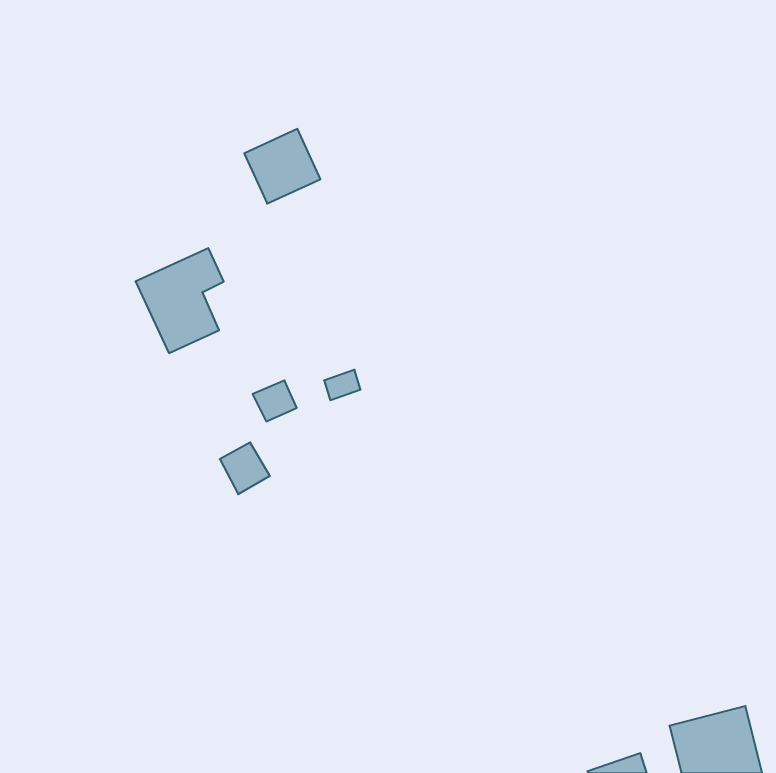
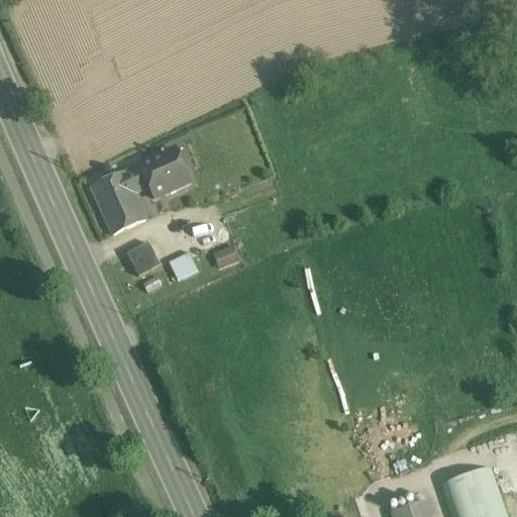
building: [244,129,320,204] -> [138,148,189,198]
building: [220,442,270,494] -> [126,242,160,277]

